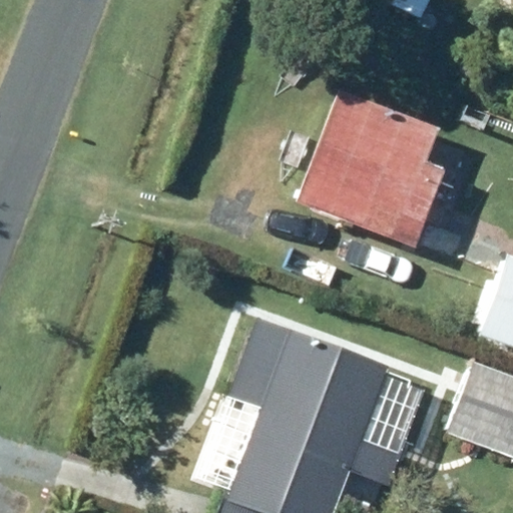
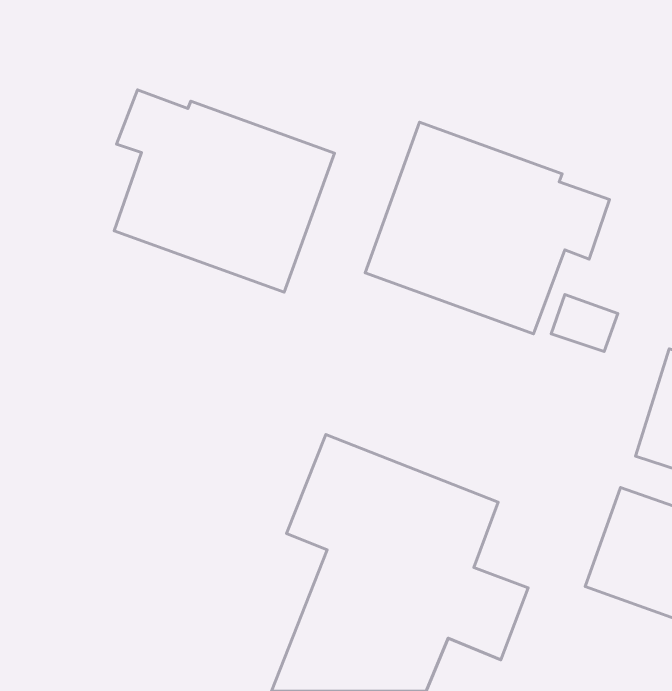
building: none -> [114,90,335,292]

